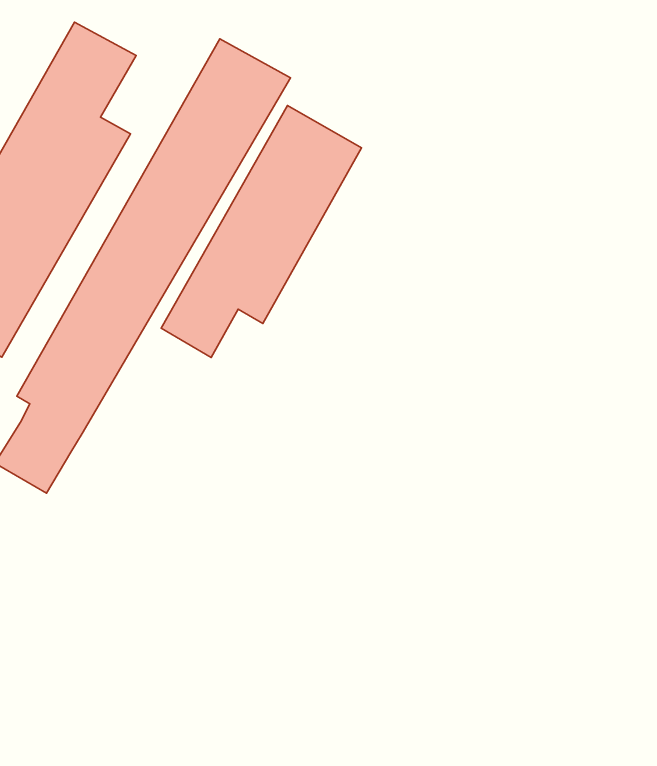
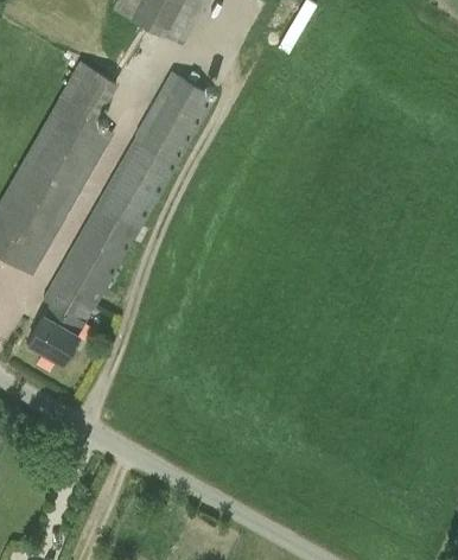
building: [161,105,362,358] -> none

